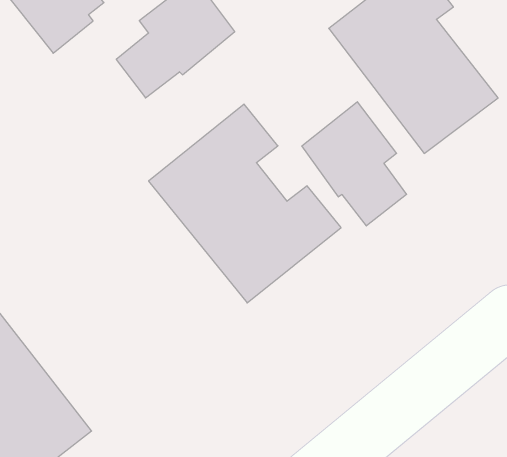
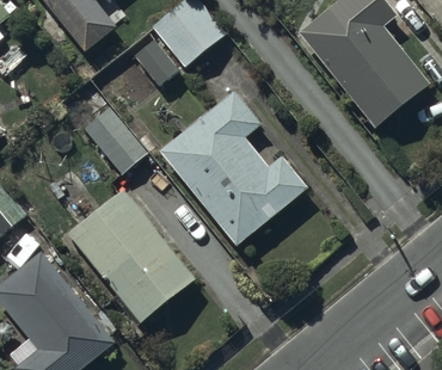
building: [302,102,407,226] -> none
building: none -> [84,106,147,173]
building: none -> [67,190,194,322]

